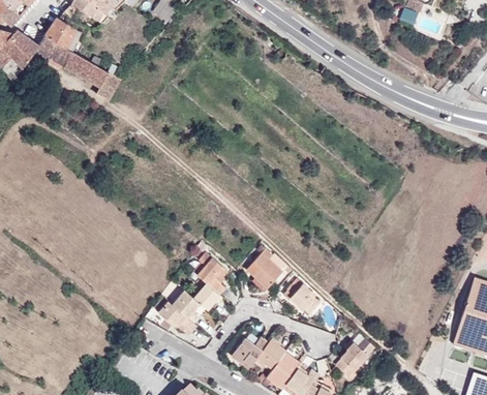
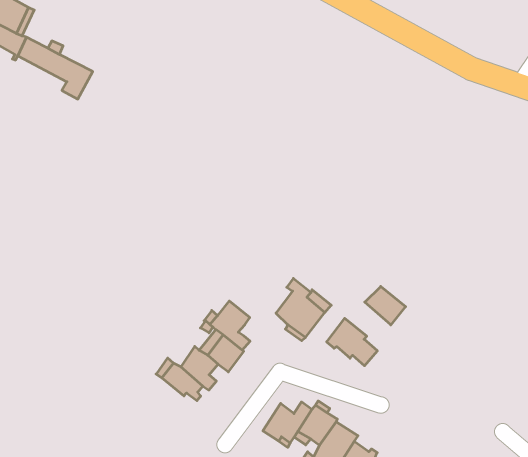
building: none -> [365,286,406,325]
building: [334,338,376,375] -> none

